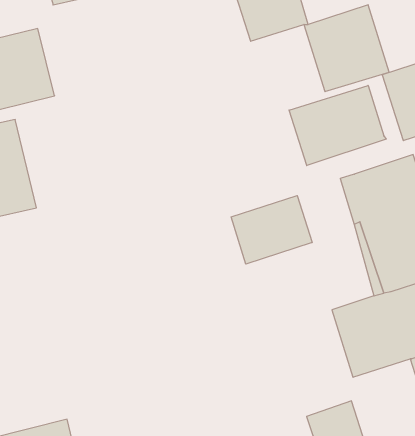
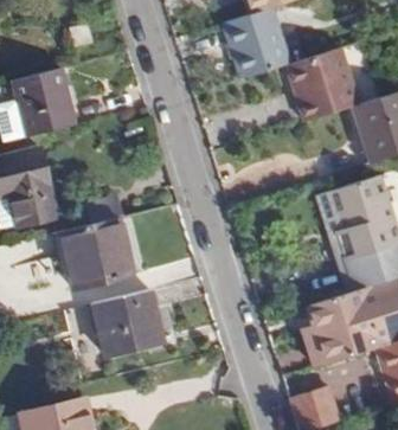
building: [289,85,386,166] -> none
building: [231,196,312,264] -> none
building: none -> [62,218,134,290]
building: none -> [94,290,159,357]

